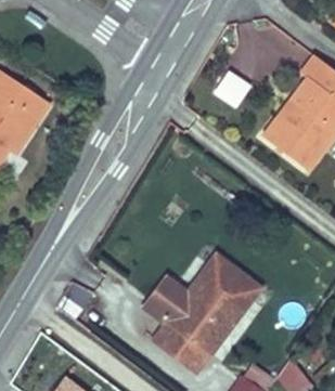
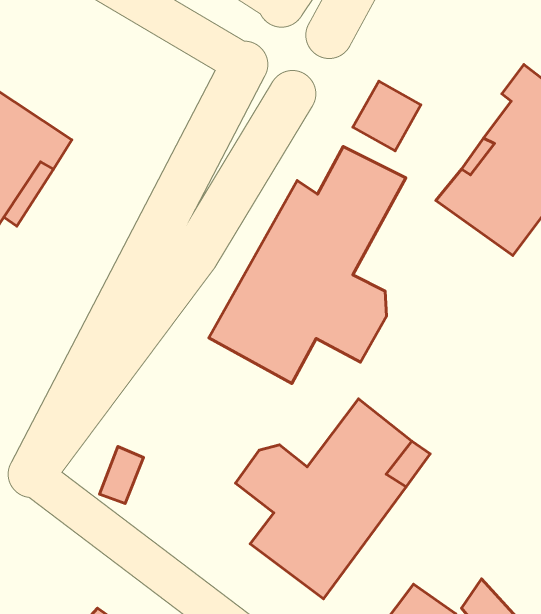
building: none -> [209,146,406,383]

